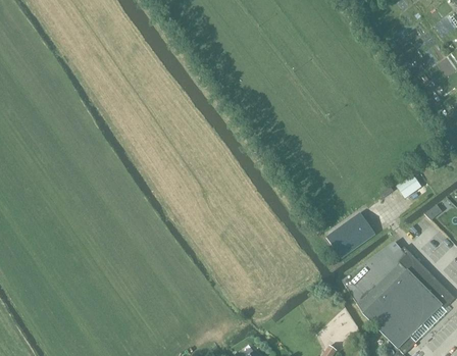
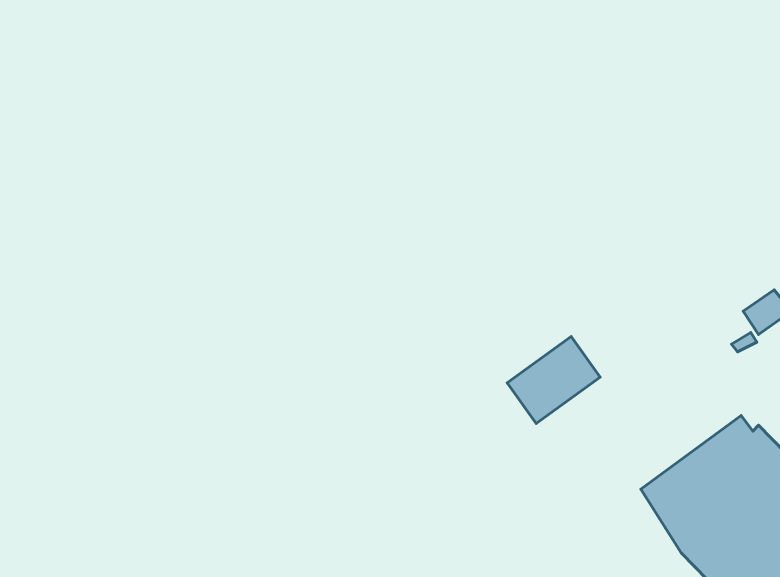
building: [326,213,375,259] -> [507,336,600,424]

